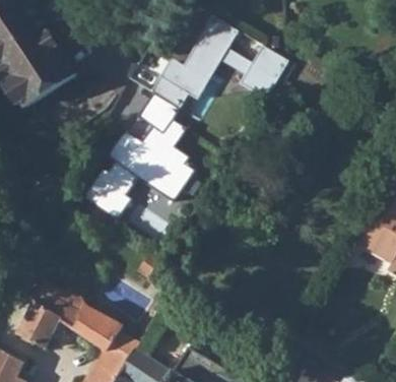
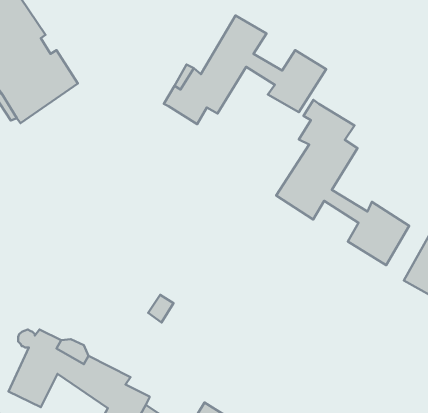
building: none -> [276,100,409,265]
building: [83,92,195,219] -> none

